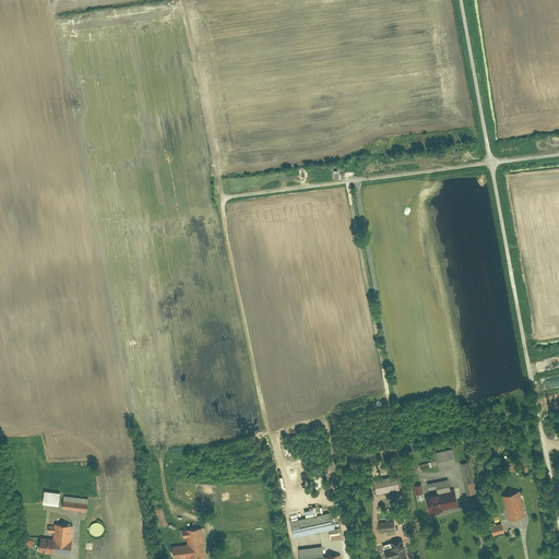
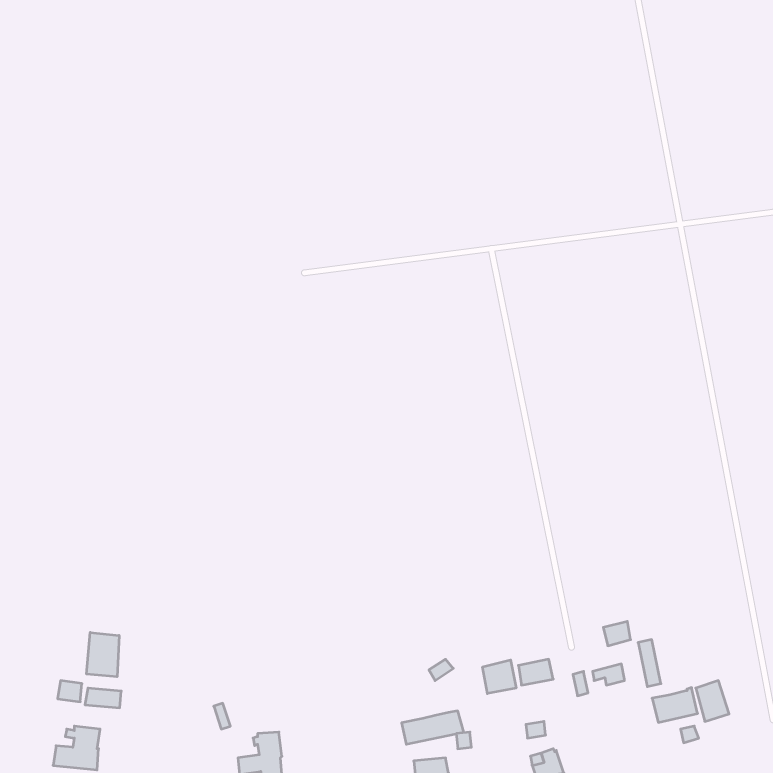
building: none -> [87,632,119,677]
building: none -> [483,660,516,694]
building: [425,489,457,514] -> [652,688,698,722]

